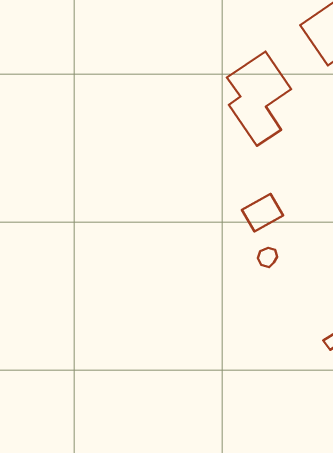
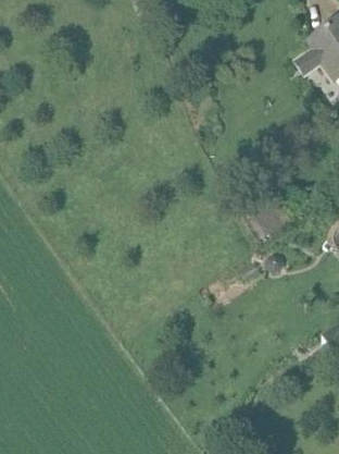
building: [227,51,291,146] -> none

